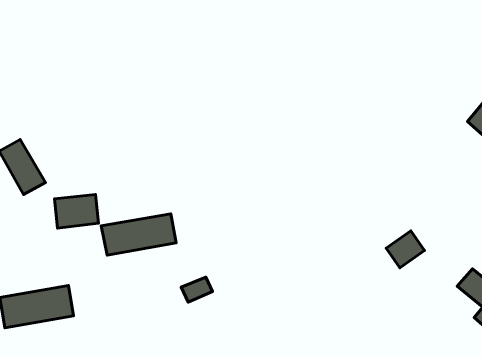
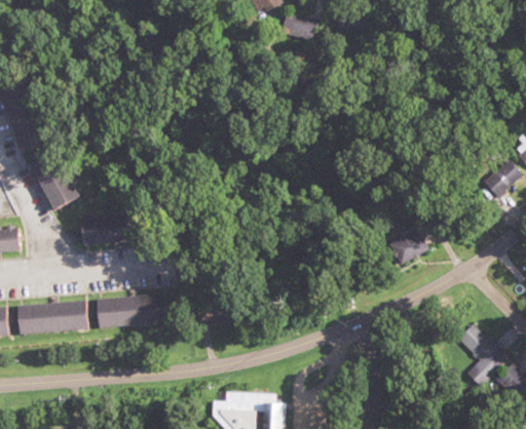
building: [101,214,176,255] -> [93,294,164,327]
building: [386,231,425,268] -> [390,230,427,265]

